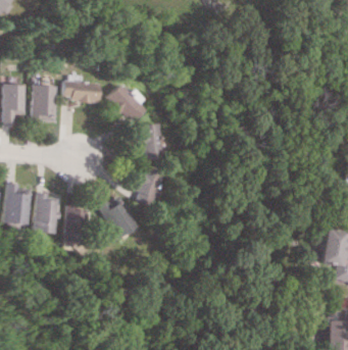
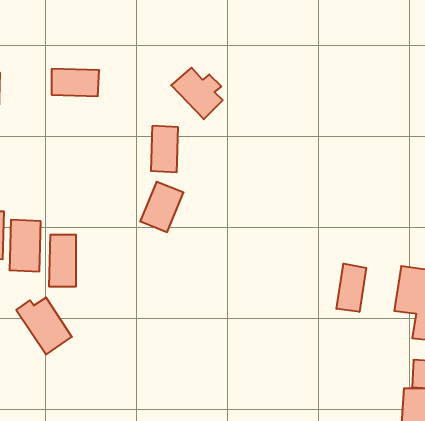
building: [105,84,144,122] -> [171,68,223,119]
building: [32,85,55,120] -> none
building: [93,195,135,238] -> [16,297,72,355]
building: none -> [336,264,366,312]

